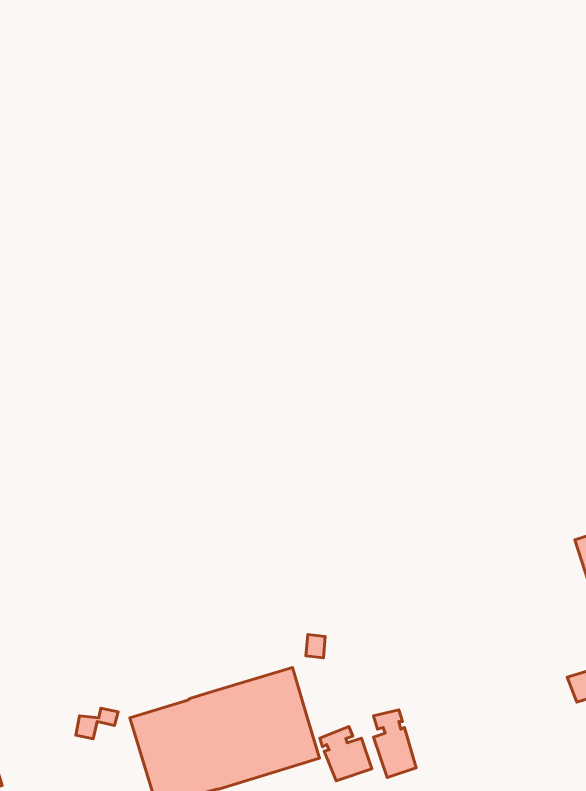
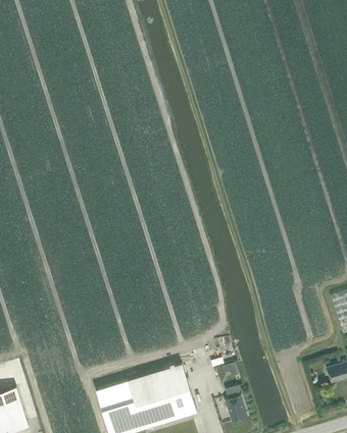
building: [320,726,372,781] -> none

